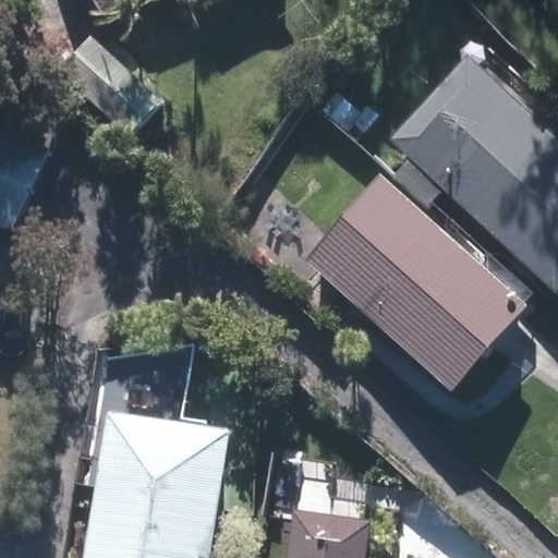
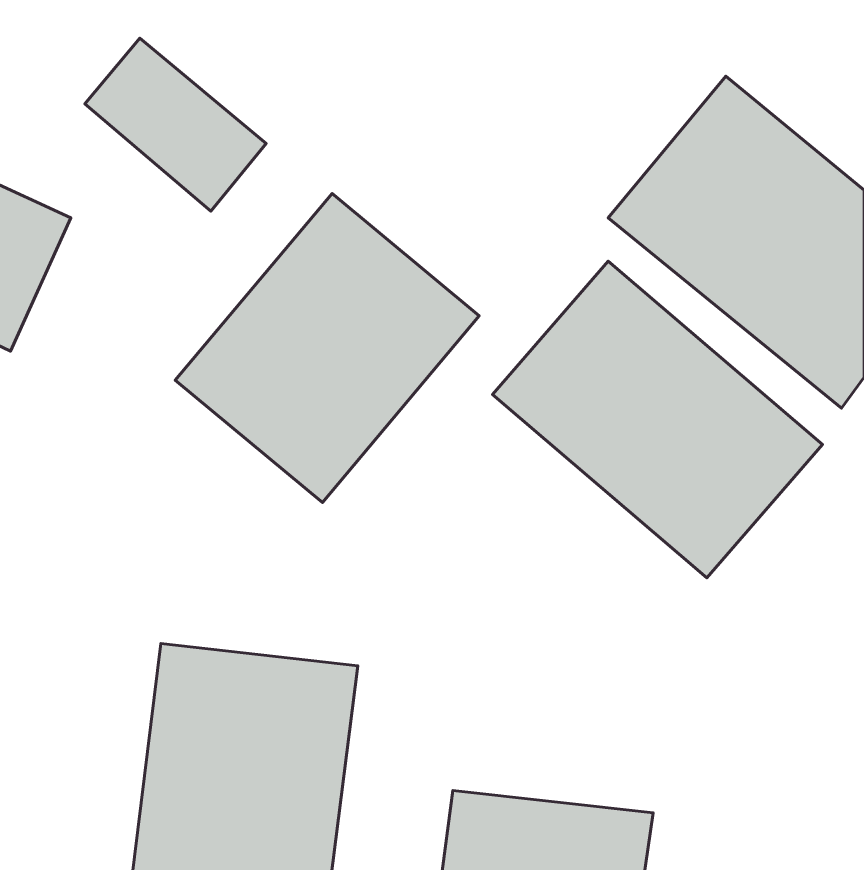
building: none -> [175,194,479,502]

